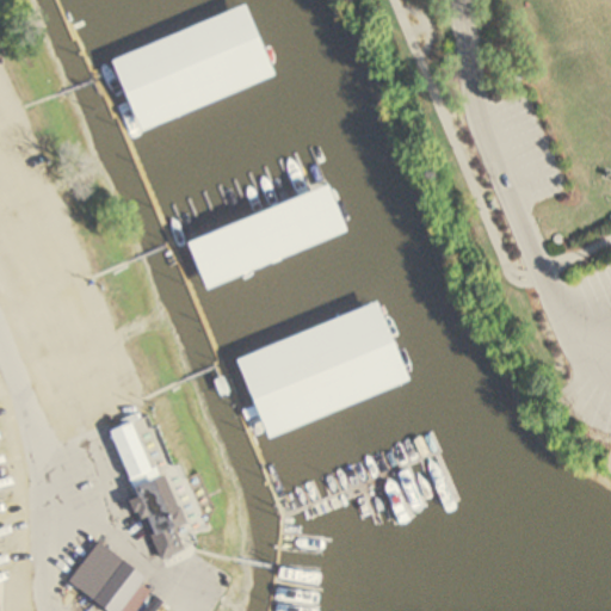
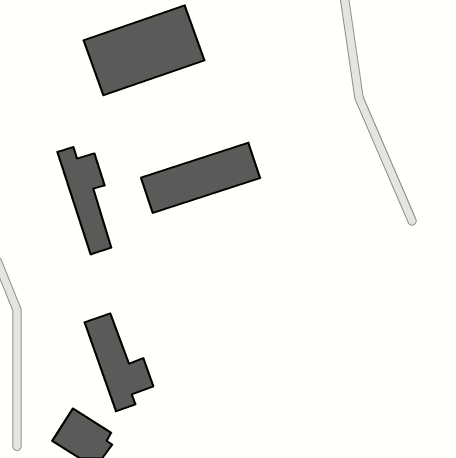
building: none -> [57,147,111,255]
building: [237,303,409,434] -> none

